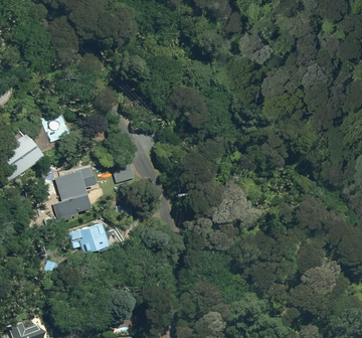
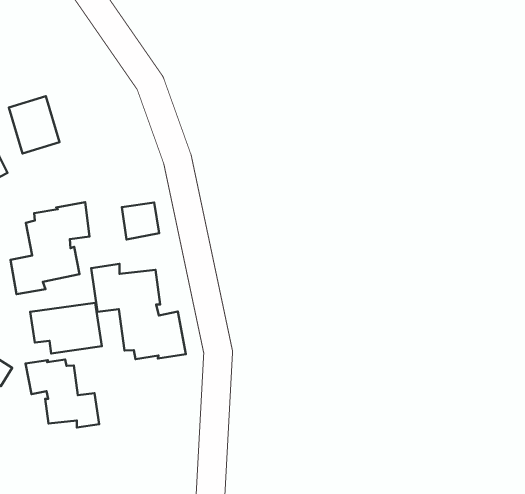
building: none -> [91,264,186,359]
building: none -> [26,359,99,428]

